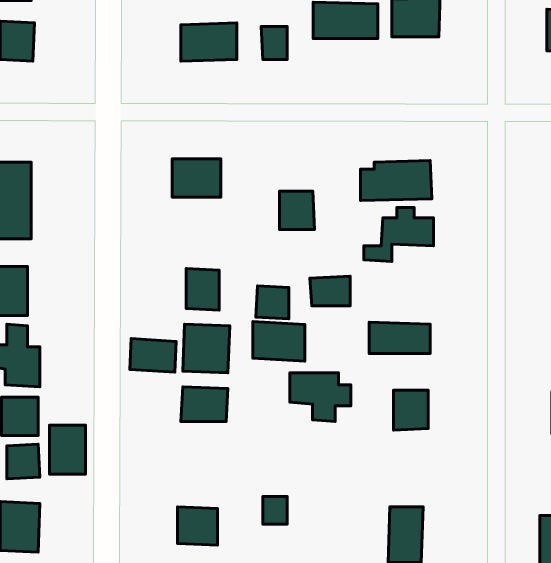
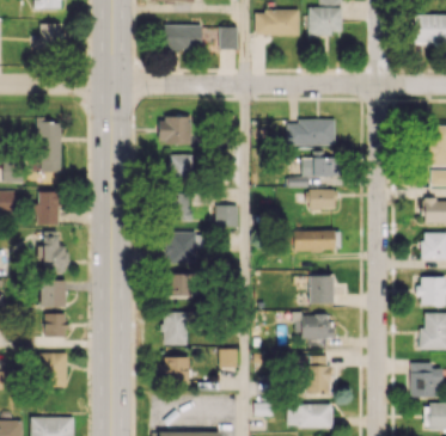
building: [280,191,314,230] -> [169,154,193,180]
building: [310,276,350,306] -> [308,189,336,209]
building: [253,322,305,361] -> none
building: [130,339,176,372] -> none
building: [290,373,351,421] -> [293,314,335,348]
building: [49,425,85,474] -> none
building: none -> [161,312,188,345]

